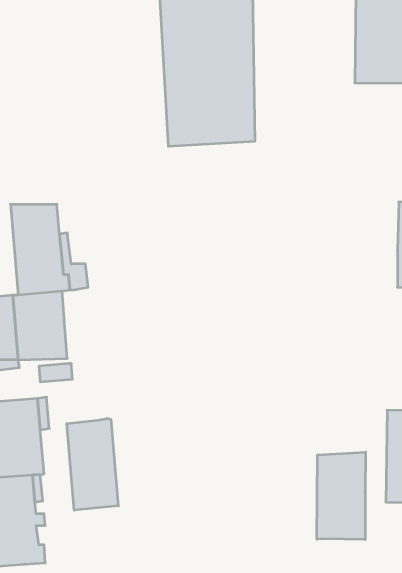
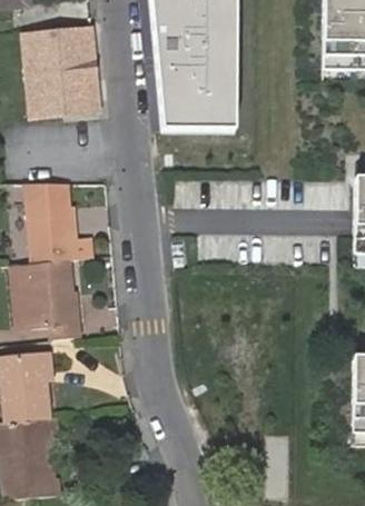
building: none -> [22,20,100,107]
building: [67,418,118,510] -> none
building: [317,452,366,540] -> none

